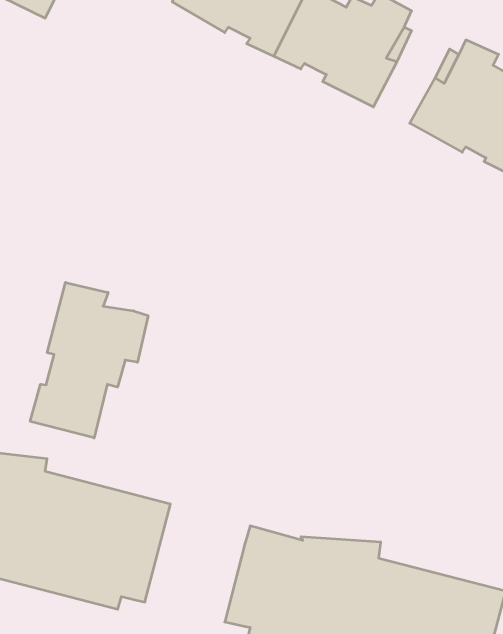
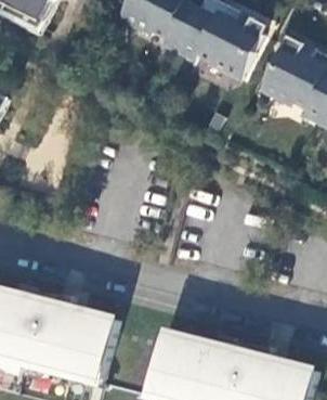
building: [30,282,148,438] -> none

